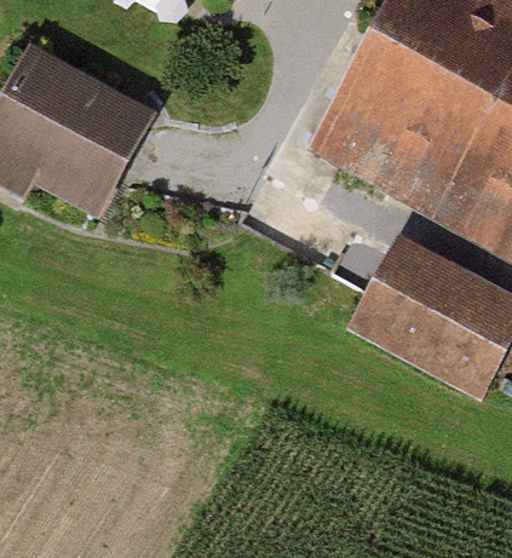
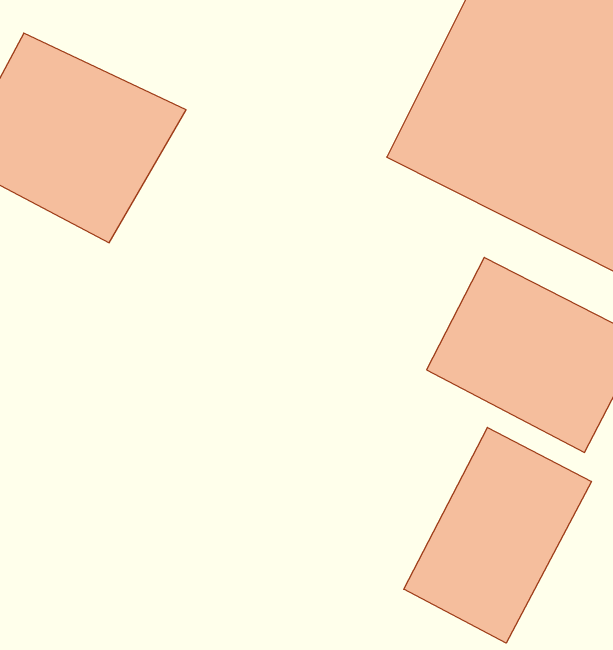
building: none -> [404,427,591,643]

